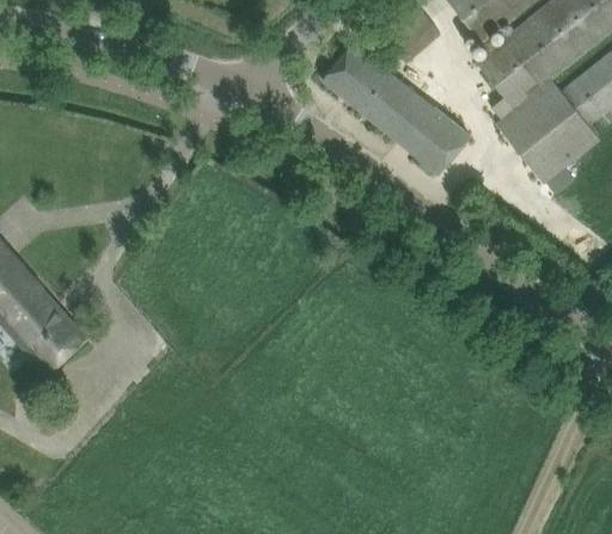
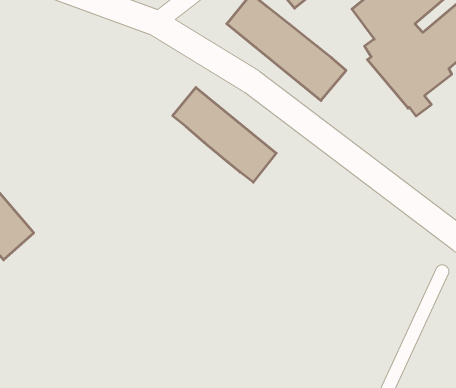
building: none -> [173,87,276,182]

